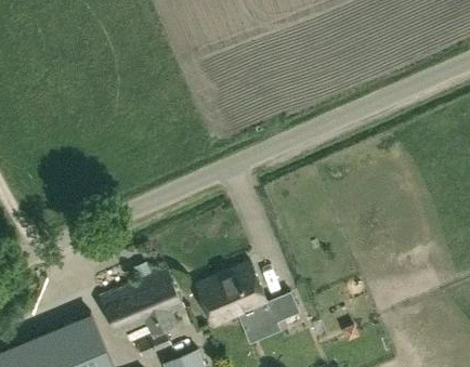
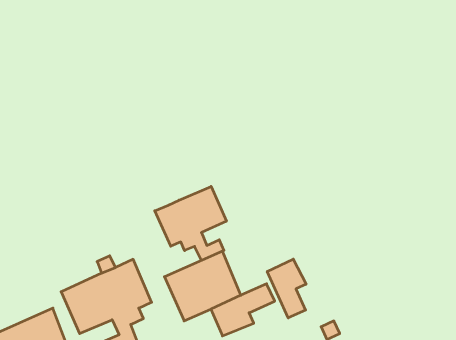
building: none -> [155,186,226,260]
building: none -> [267,259,306,318]

